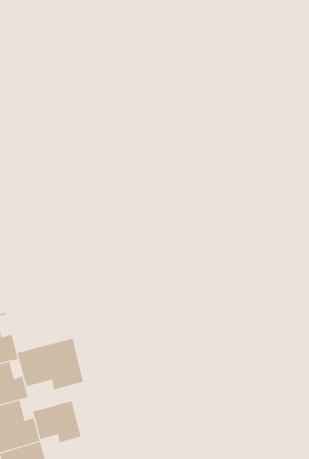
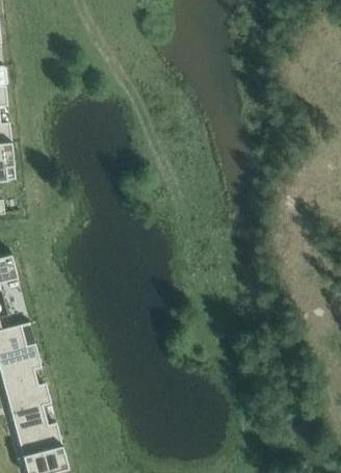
building: [17,338,83,390] -> none
building: [33,401,81,443] -> none

